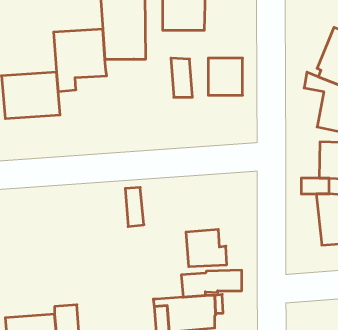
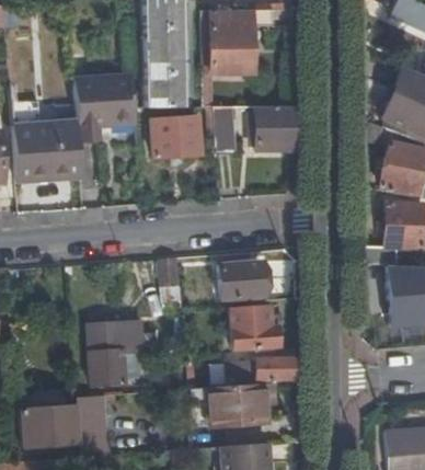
building: none -> [135,105,200,157]
building: none -> [218,261,263,298]
building: none -> [88,321,159,386]

